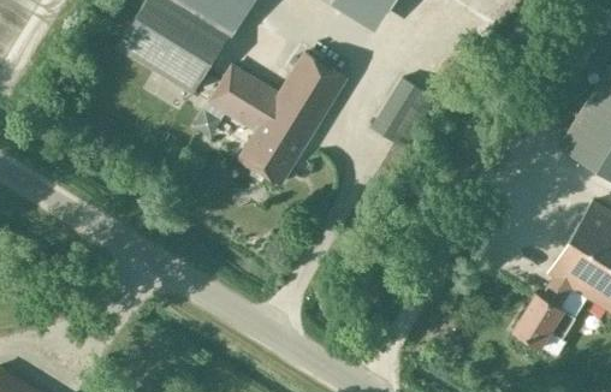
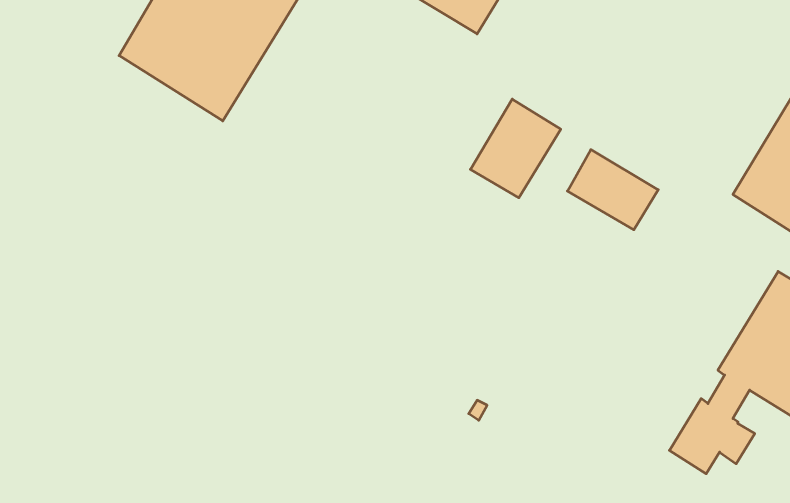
building: [209,52,345,183] -> none
building: none -> [567,150,658,230]

